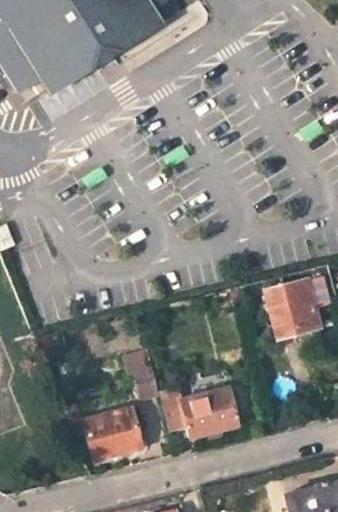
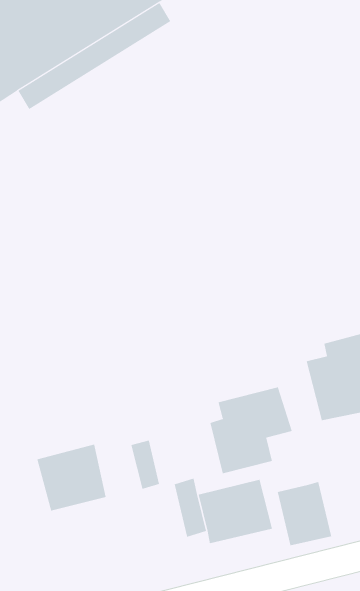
building: none -> [210,386,293,474]
building: none -> [277,481,332,546]
building: [83,407,138,460] -> [36,444,106,511]

